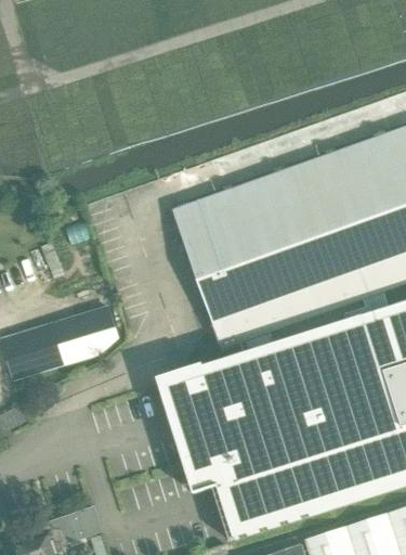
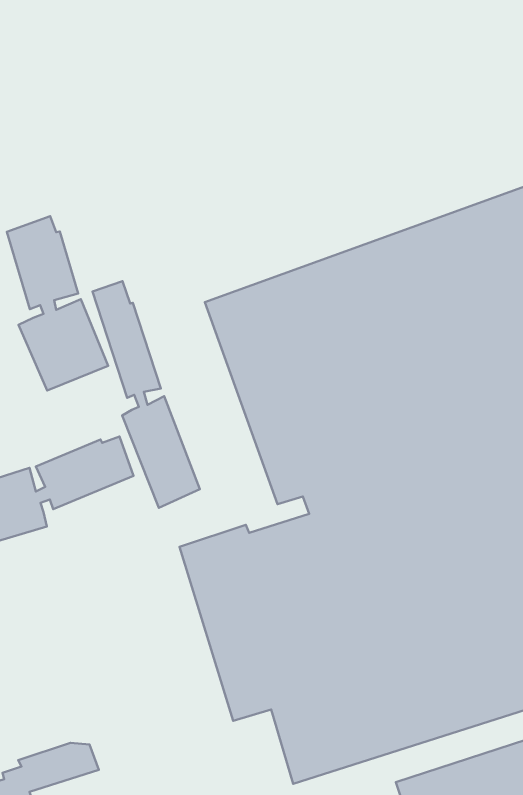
building: none -> [7,216,108,391]
building: none -> [92,281,200,508]

